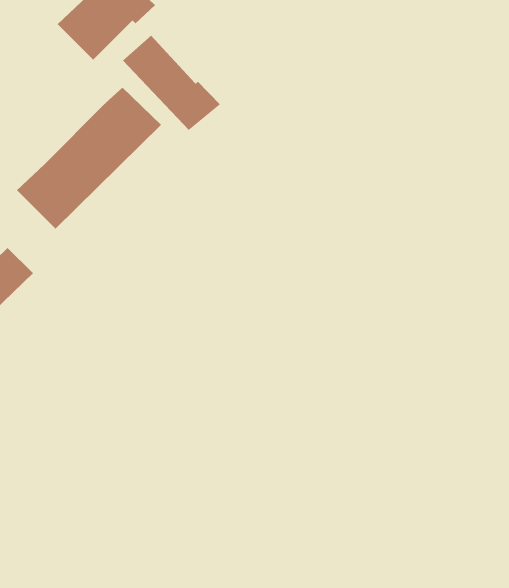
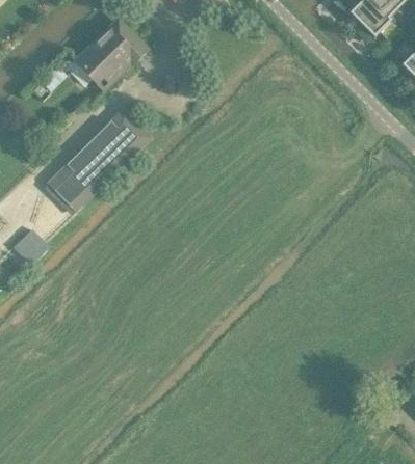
building: [122,35,221,131] -> none

